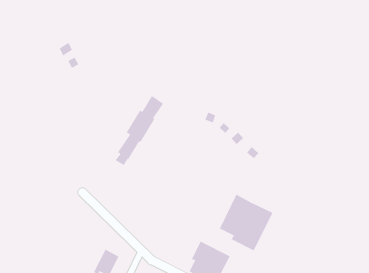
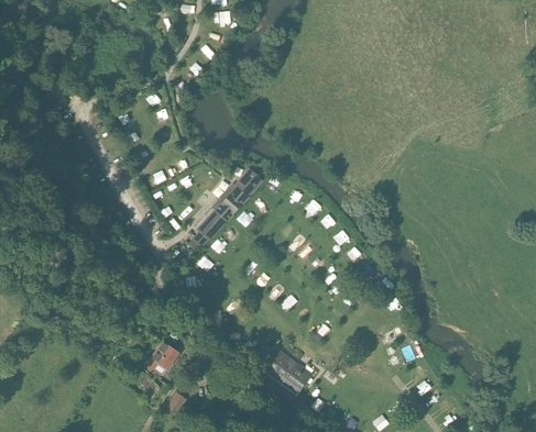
building: [219,194,273,251] -> none

